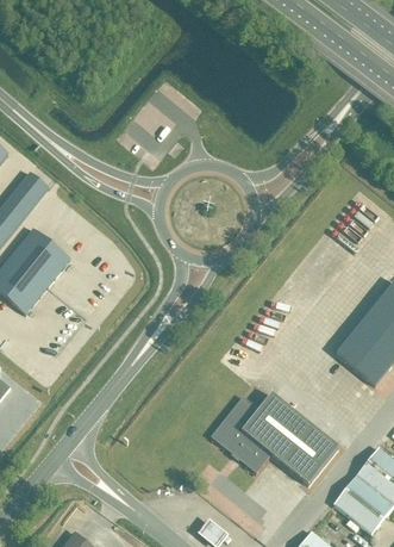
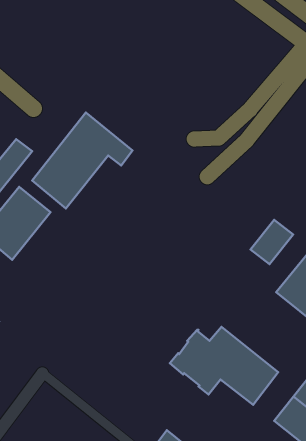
building: none -> [32,112,133,208]
building: none -> [251,220,293,264]

